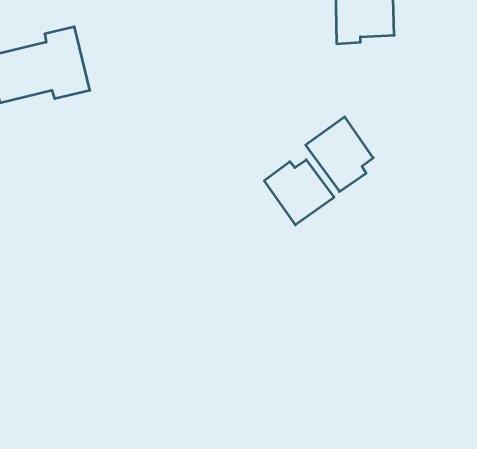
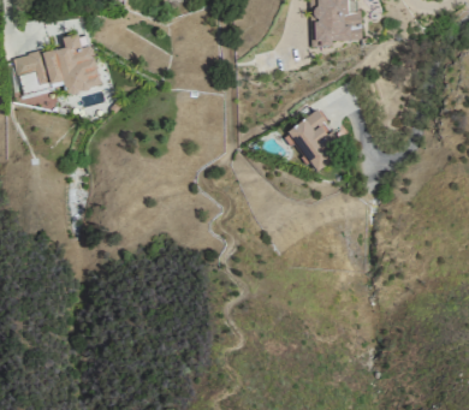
building: [264,160,334,225] -> none

